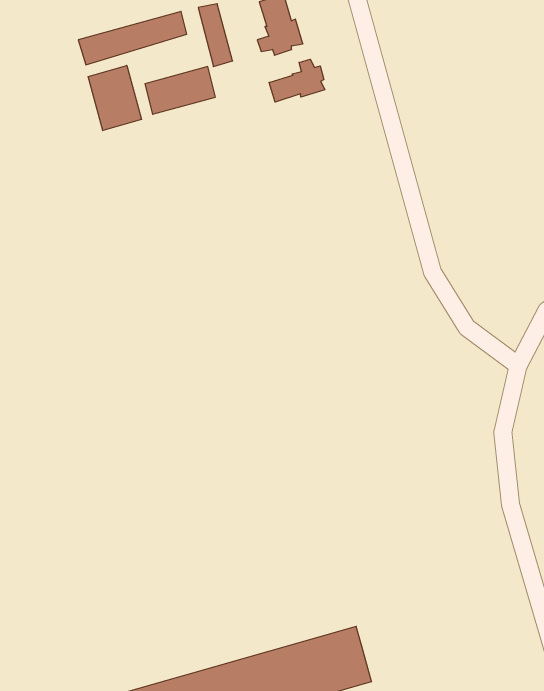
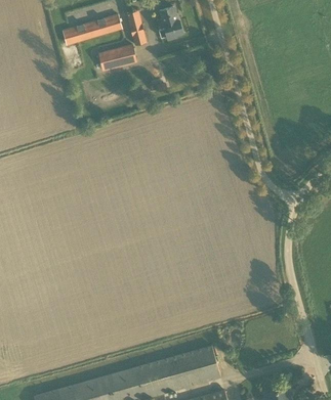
building: [269,59,325,102] -> none
building: [88,65,142,131] -> none

